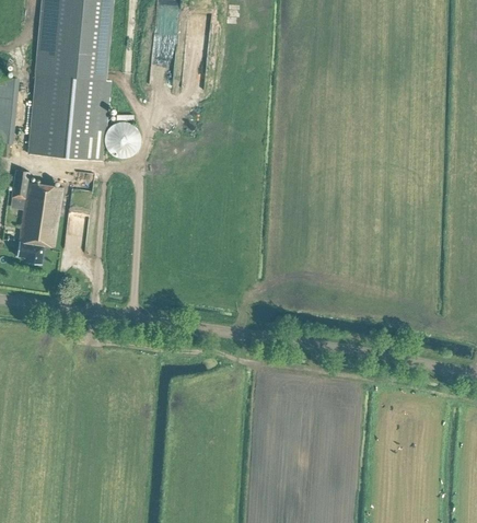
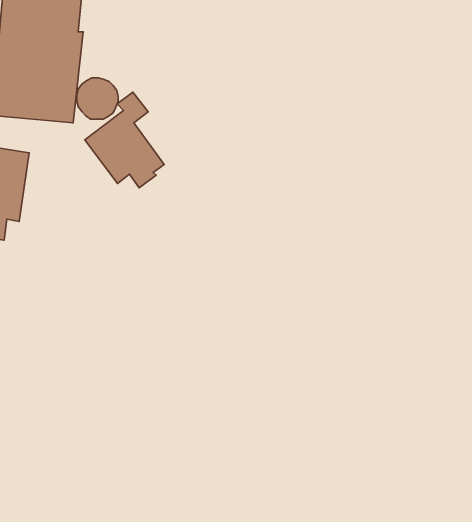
building: none -> [85,92,164,188]

